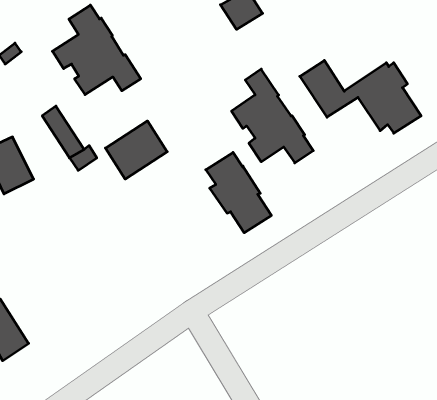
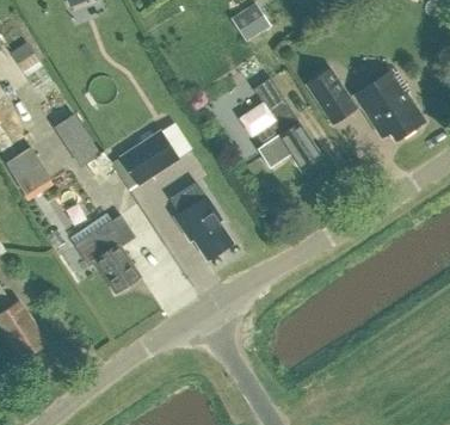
building: [52,5,141,95] -> none
building: [206,152,271,233] -> [169,181,233,259]
building: none -> [74,215,141,292]

